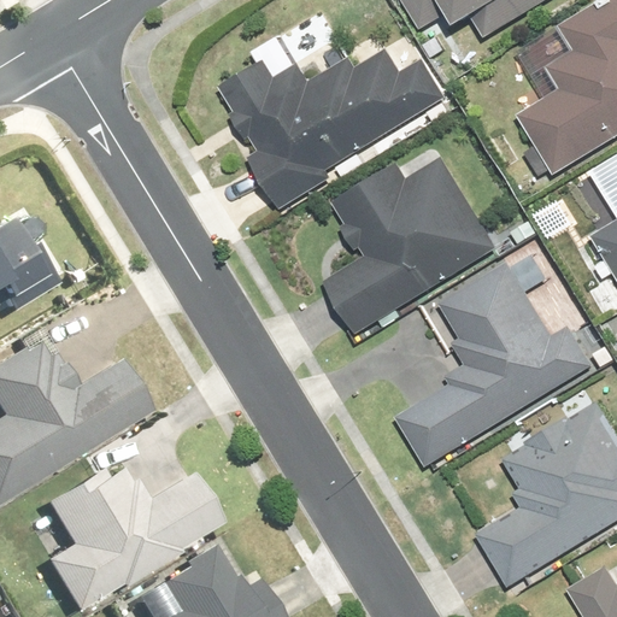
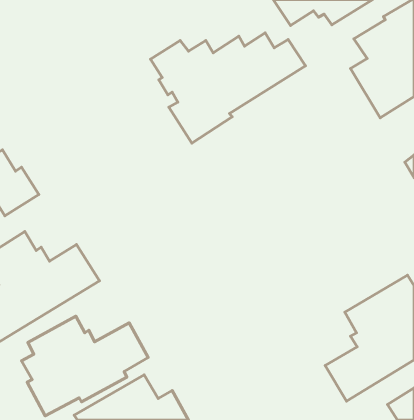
building: [325,158,495,331] -> none
building: [398,259,592,465] -> none

